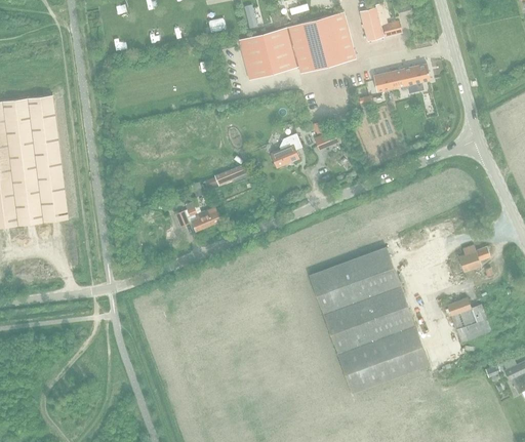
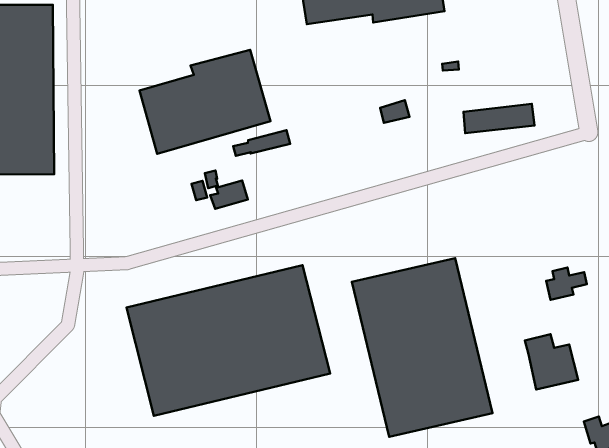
building: [373,63,430,91] -> [464,104,535,133]
building: none -> [139,50,270,154]
building: [271,133,301,167] -> none
building: none -> [126,265,330,416]

